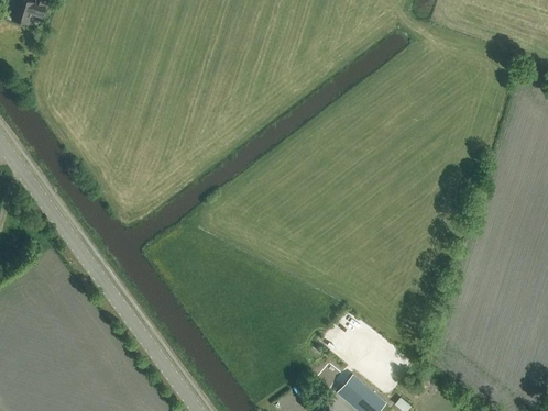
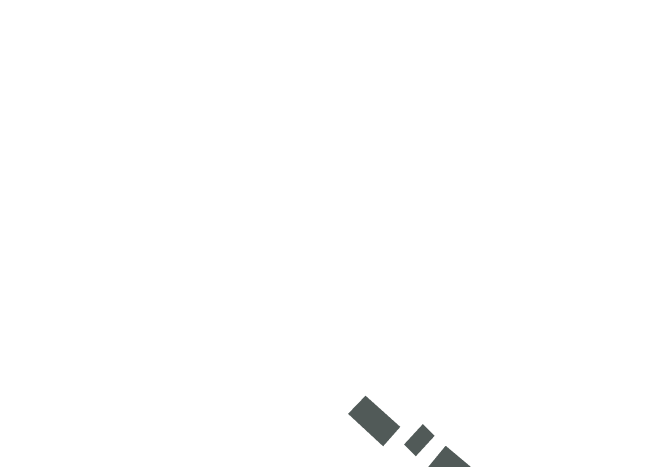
building: none -> [347,395,401,447]

